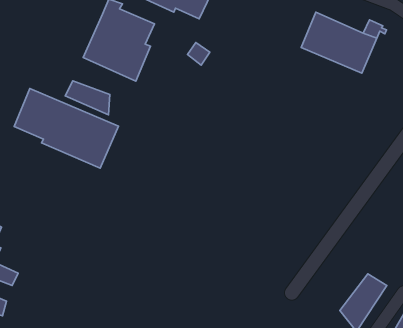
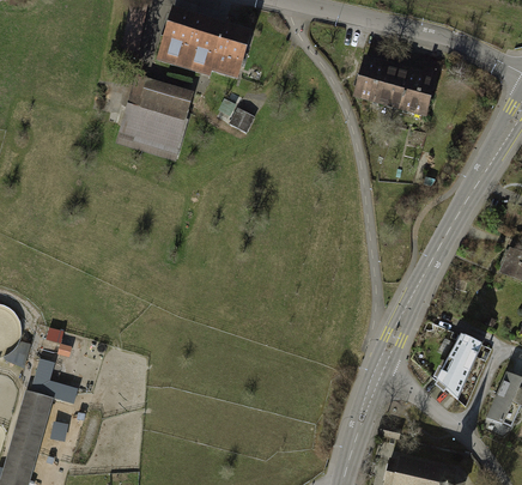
building: [65,81,110,115] -> none
building: [14,88,119,168] -> none

